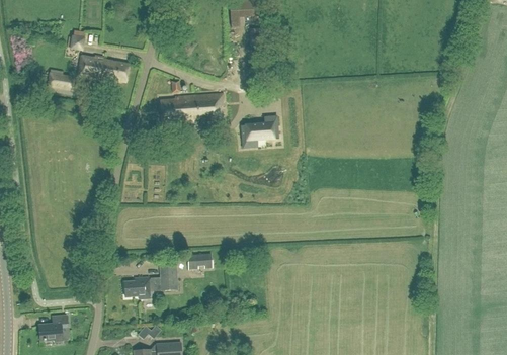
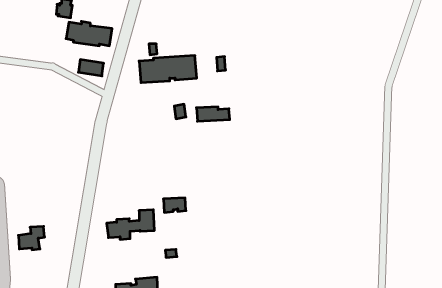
building: [47,72,75,90] -> [78,60,104,76]
building: [241,123,278,140] -> [196,107,230,121]
building: [38,315,68,341] -> [18,226,45,250]

